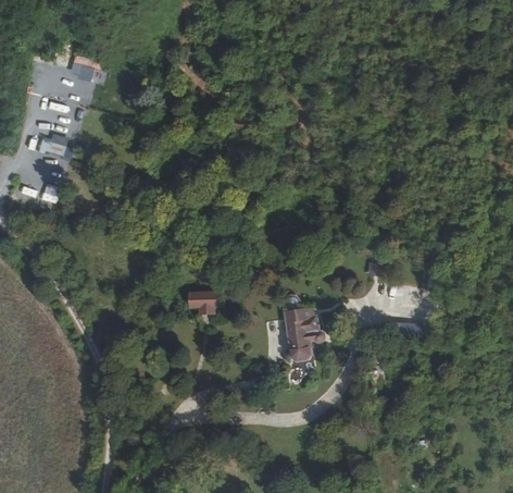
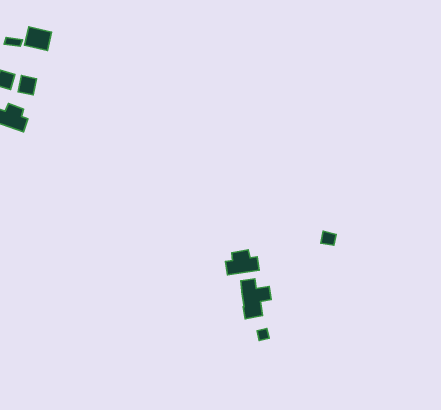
building: none -> [225,250,259,275]
building: [189,285,222,317] -> none

